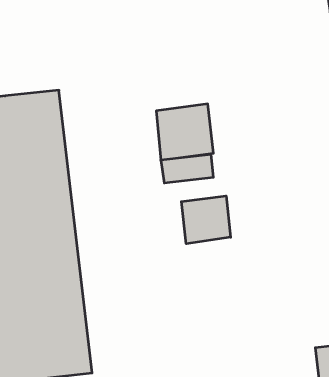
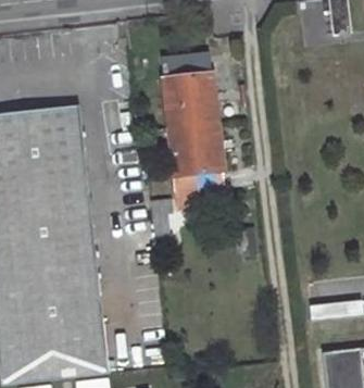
building: none -> [162,50,218,125]
building: [181,196,231,244] -> none

